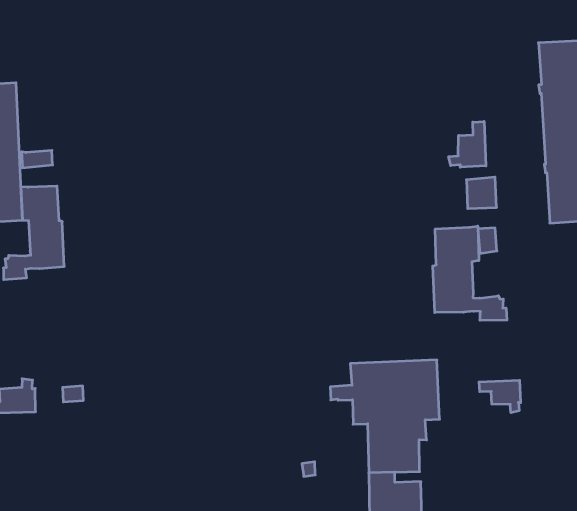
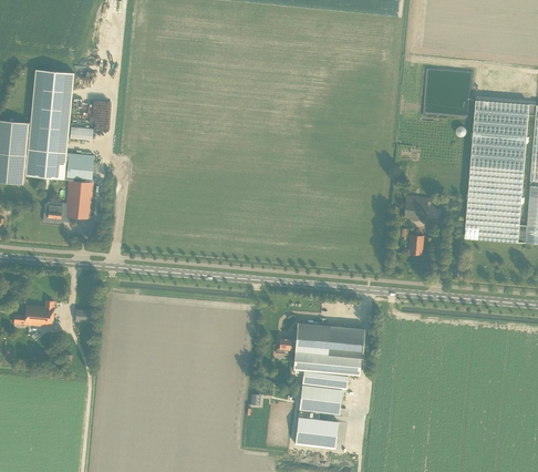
building: [449,121,486,167] -> none
building: [433,226,507,320] -> none
building: [479,380,521,413] -> none

